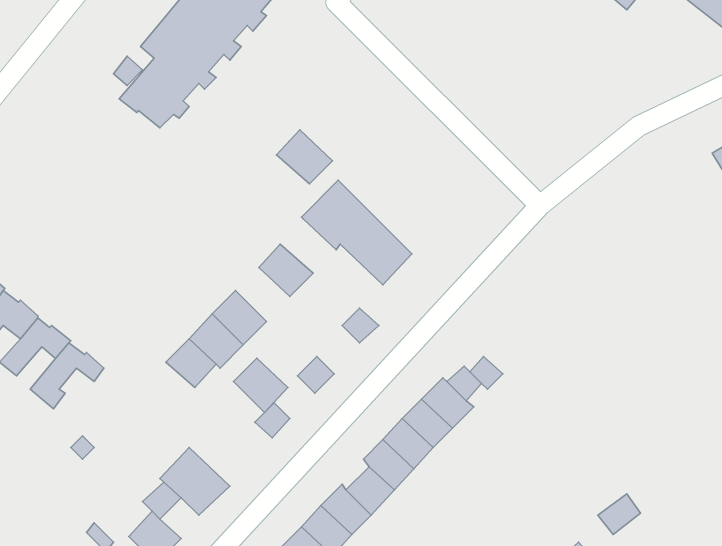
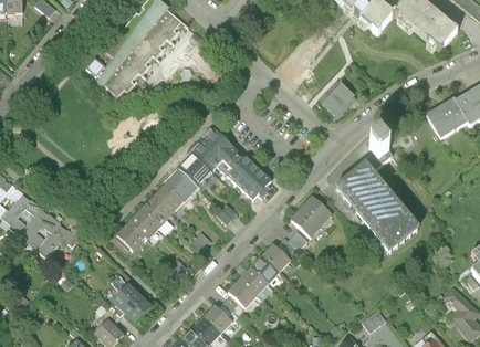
building: none -> [316,78,357,118]
building: [276,130,333,184] -> [181,151,213,182]
building: none -> [331,129,419,251]
building: none -> [240,171,270,201]
building: none -> [292,196,333,236]
building: [234,358,288,413] -> [156,179,187,210]

